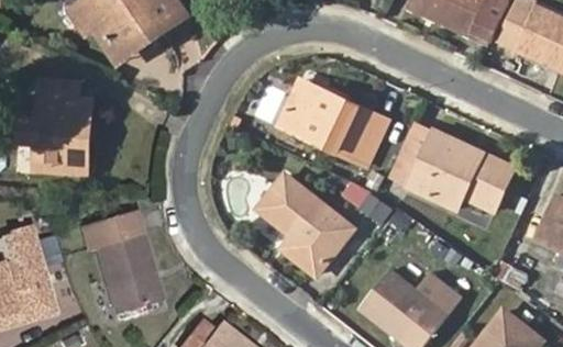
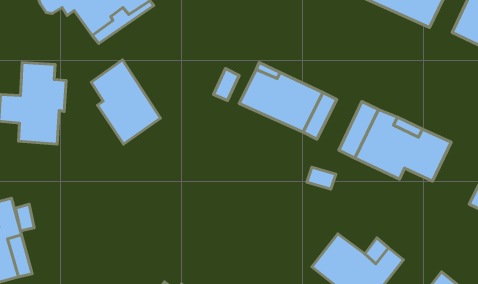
building: none -> [91,60,160,144]
building: [261,176,352,273] -> none
building: [82,213,161,314] -> none

